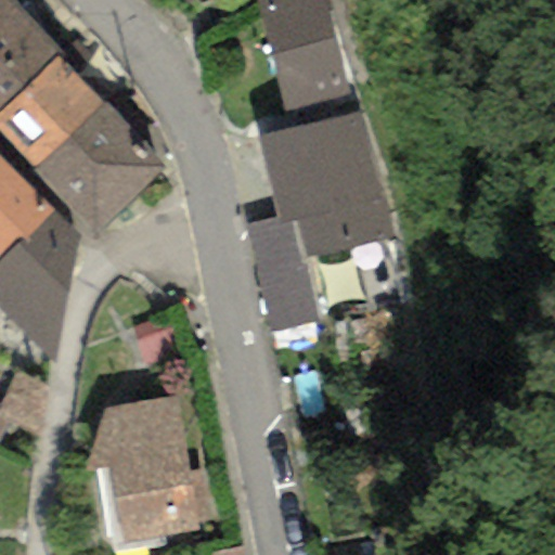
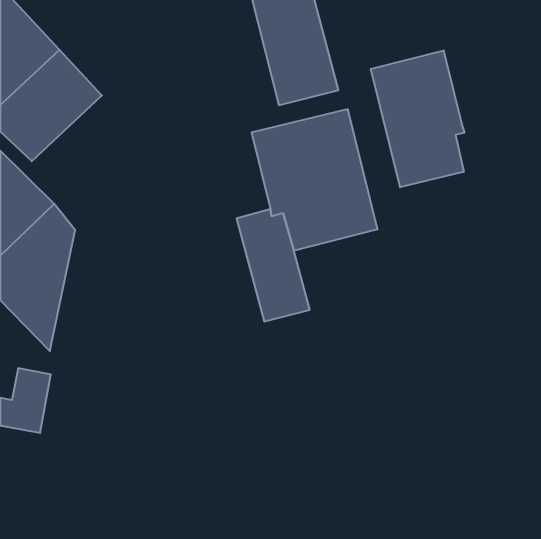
building: none -> [371,50,464,187]
building: [34,98,160,236] -> none
building: [83,396,199,539] -> none

